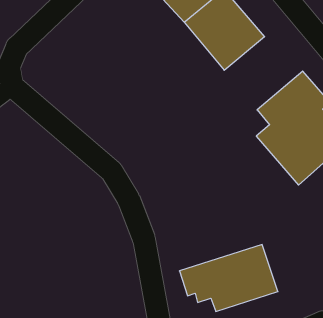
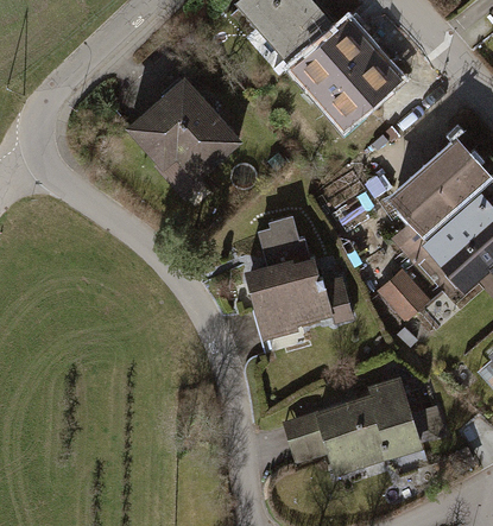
building: none -> [122,75,247,198]
building: none -> [246,216,354,331]
building: none -> [378,265,432,321]

